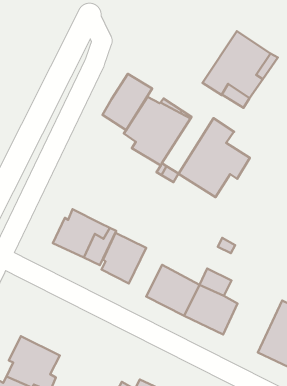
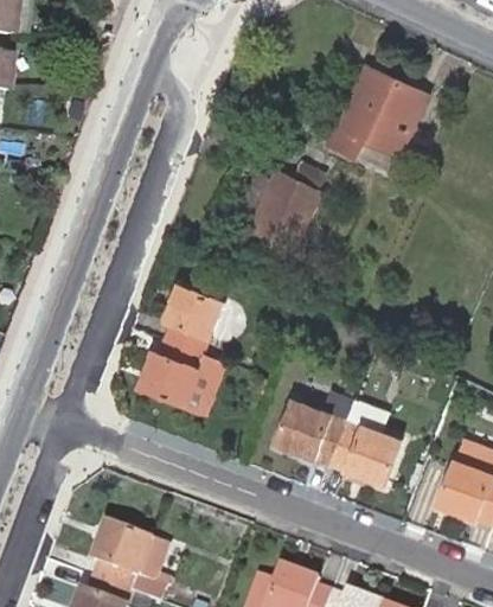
building: [103,74,152,130] -> none
building: [178,118,250,197] -> none
building: [101,233,146,284] -> [167,285,226,353]

